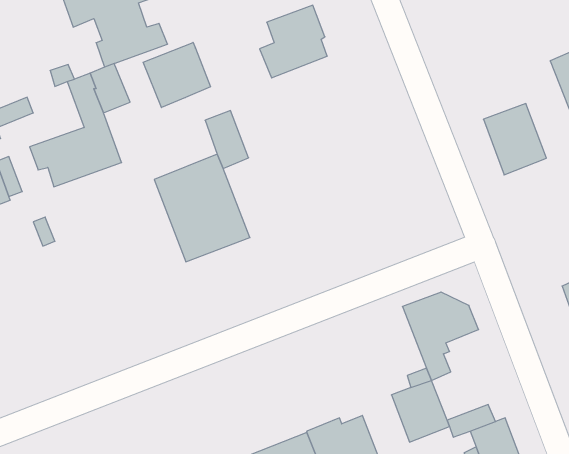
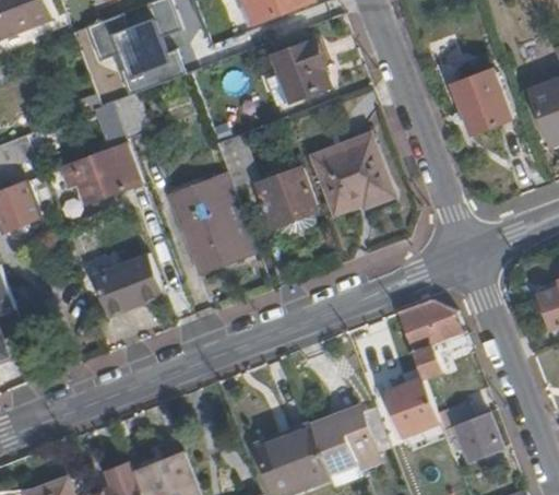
building: [143,42,211,108] -> none
building: [483,104,546,175] -> [452,70,509,134]
building: none -> [318,141,388,210]
building: none -> [260,168,317,225]
building: none -> [91,252,165,318]

